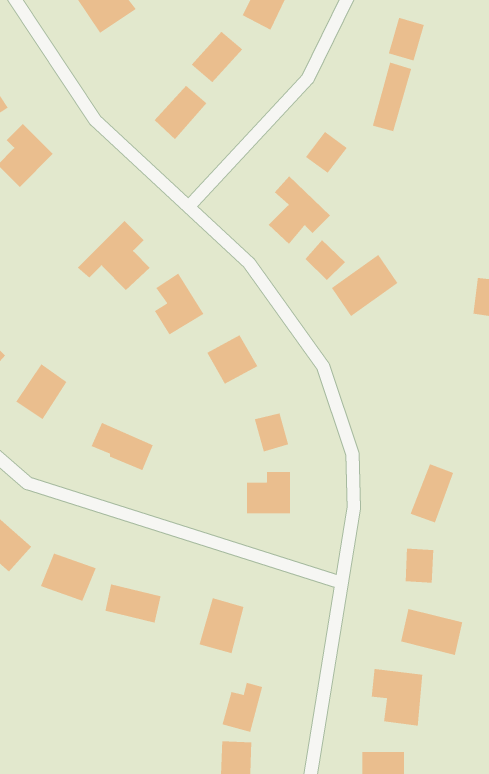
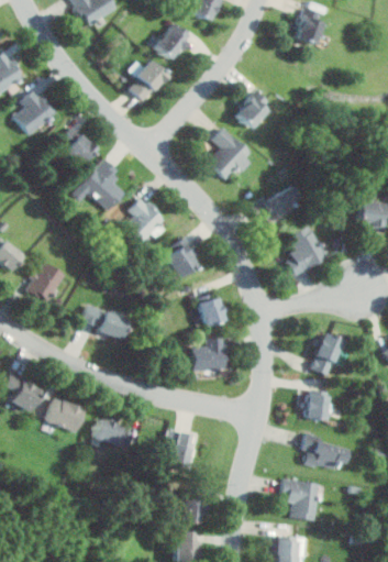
building: [372,62,412,132] -> none
building: none -> [58,130,95,165]
building: [304,239,346,281] -> none
building: none -> [286,227,325,275]

